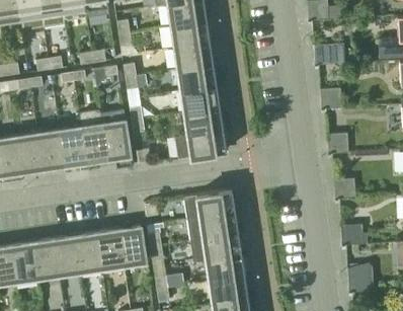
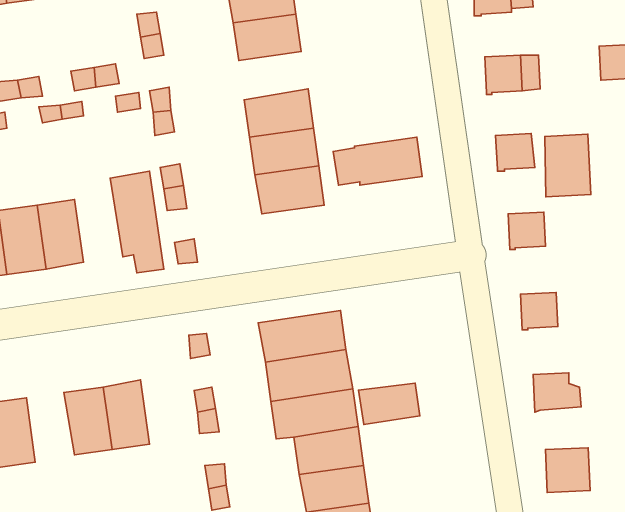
building: [174,44,214,71] -> none
building: none -> [545,134,591,197]
building: [81,112,108,163] -> none
building: [175,131,226,158] -> [333,137,422,185]
building: [118,227,147,266] -> none
building: none -> [359,383,420,424]
building: [54,237,81,277] -> none

